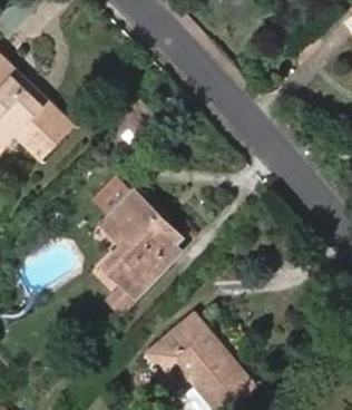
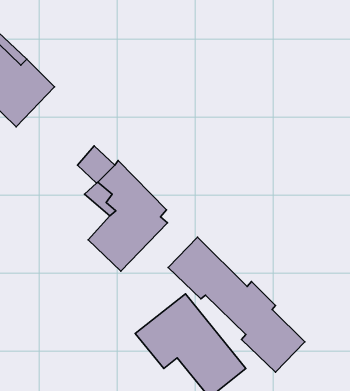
building: none -> [168,237,305,372]

